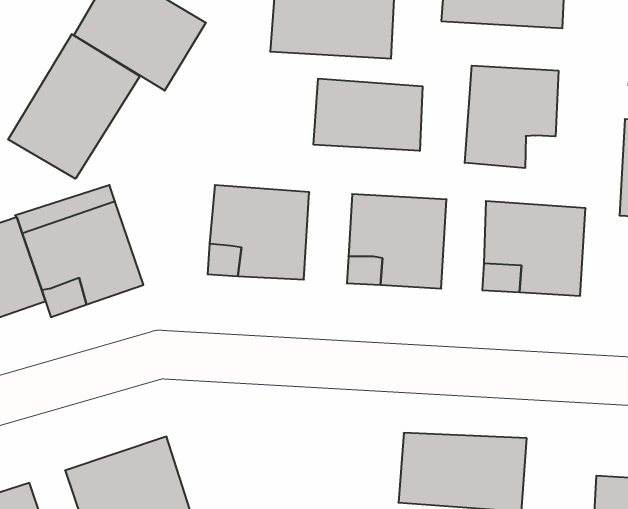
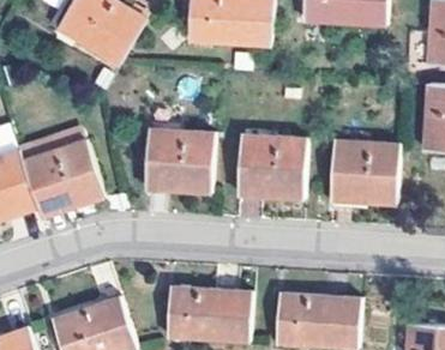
building: [8,34,140,179] -> none
building: [465,66,558,168] -> none
building: [314,79,423,151] -> none
building: none -> [166,288,249,340]

